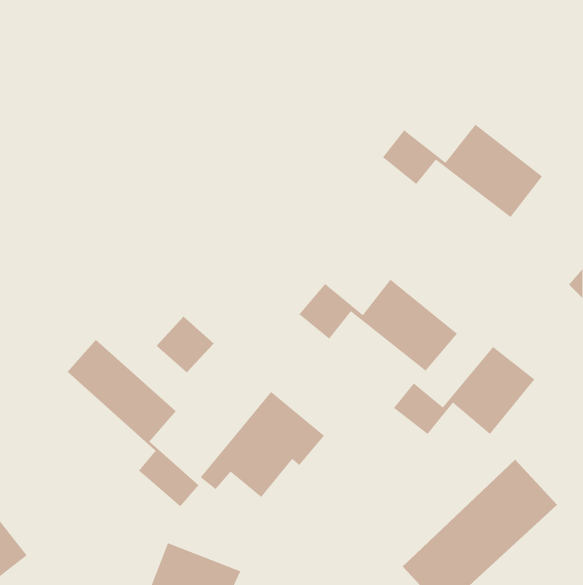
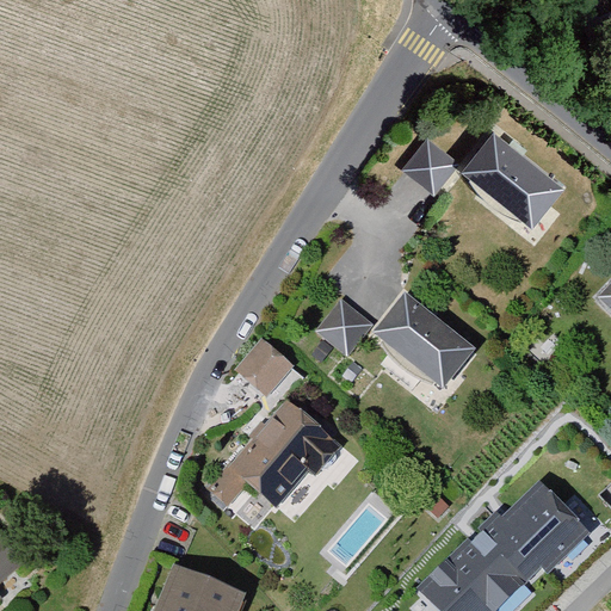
building: [156,316,214,373] -> [228,347,289,407]
building: [67,339,199,507] -> none
building: [393,346,535,435] -> none

